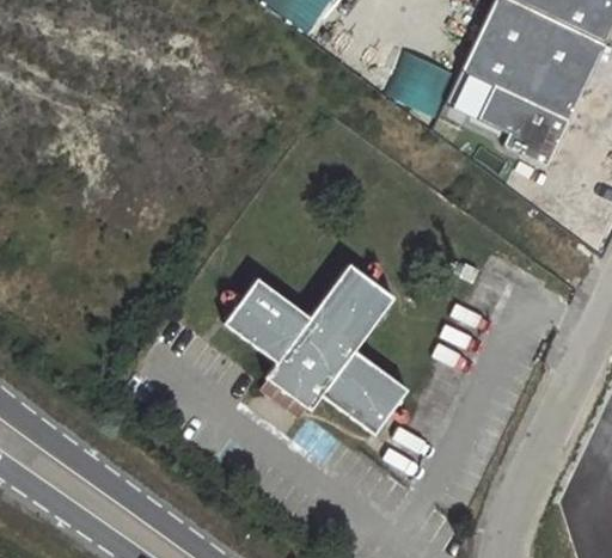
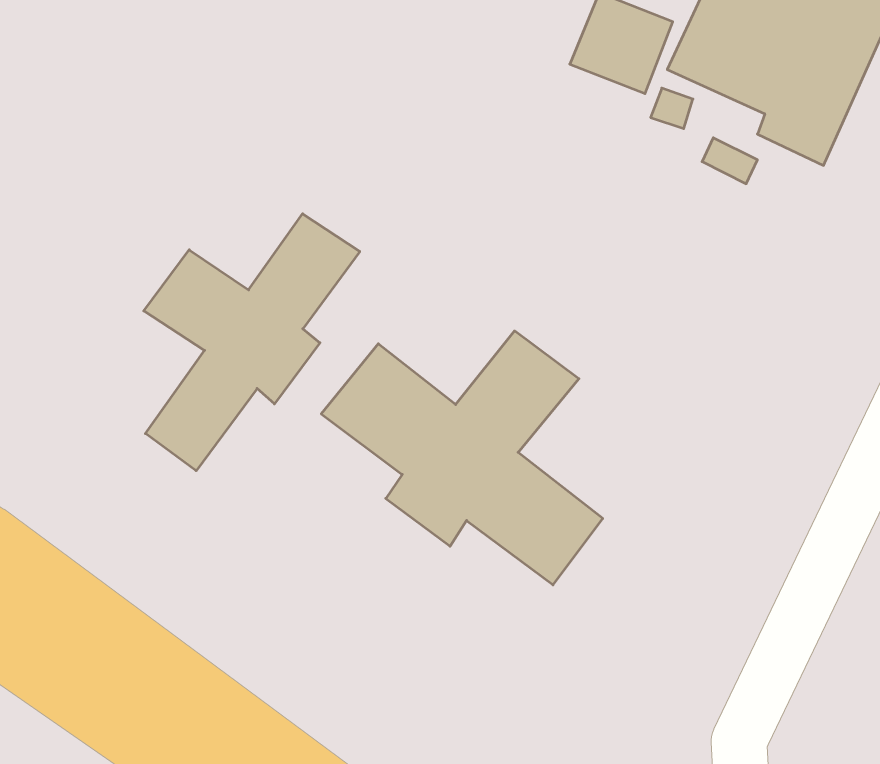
building: none -> [144,214,360,471]

